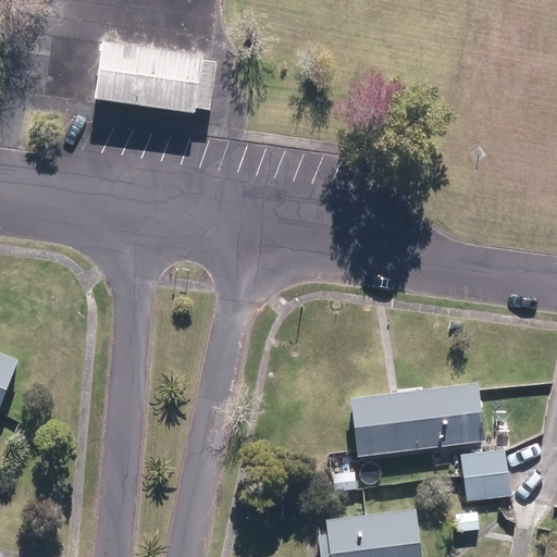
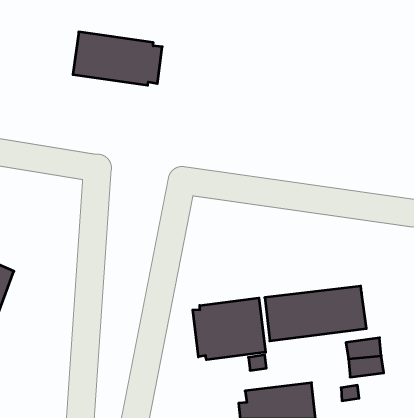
building: none -> [193,298,266,360]

